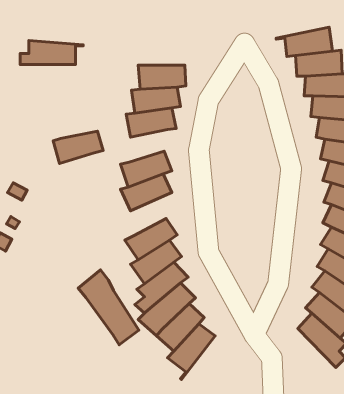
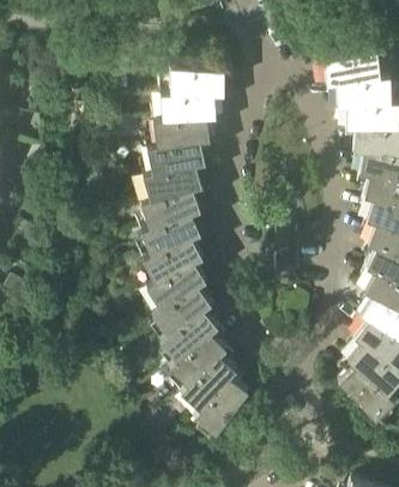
building: [20,41,83,64] -> [163,70,232,96]
building: [53,131,103,164] -> [146,167,201,203]
building: none -> [145,240,202,284]
building: [78,270,139,345] -> none

